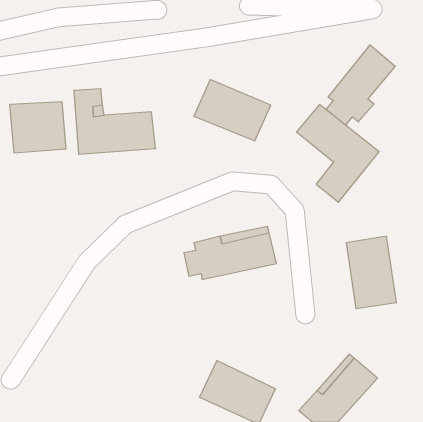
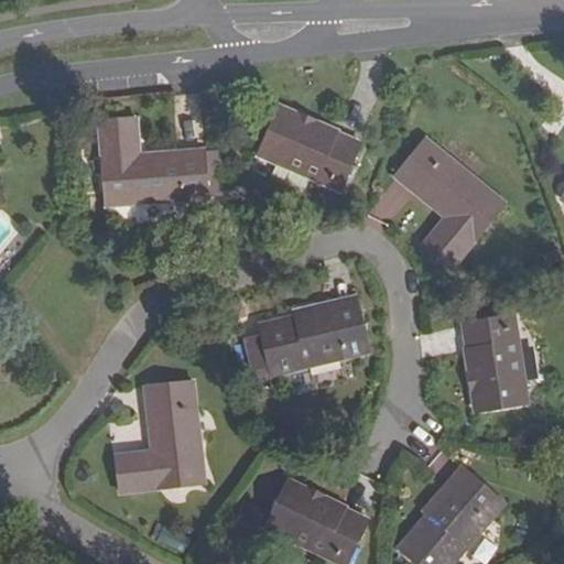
building: [326,45,395,125] -> none
building: [10,102,66,153] -> none
building: none -> [115,381,204,491]

